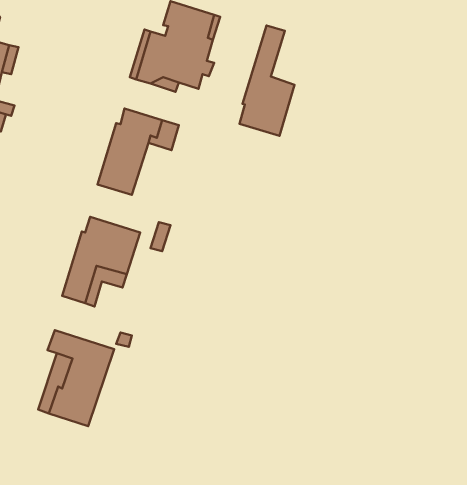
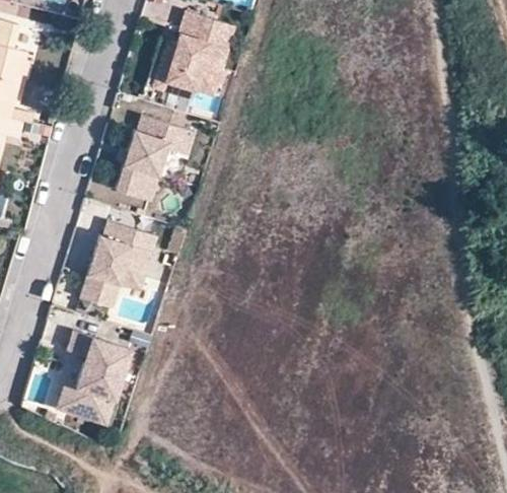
building: [239,25,294,136] -> none

